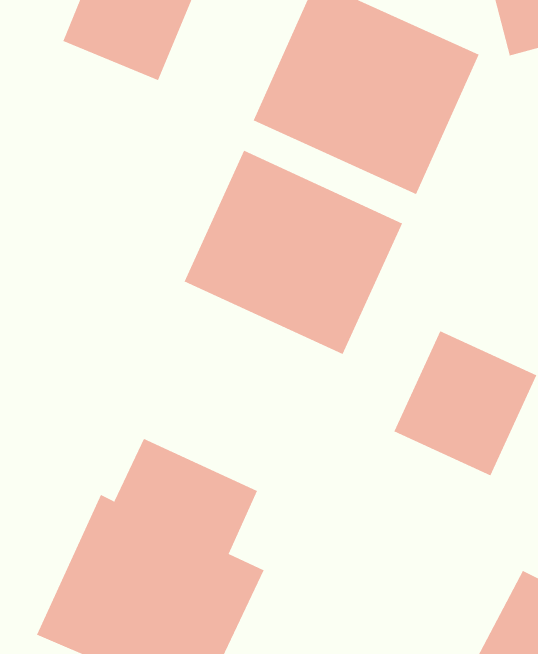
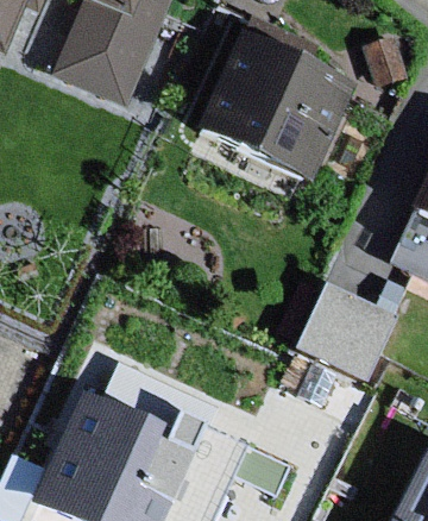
building: [184,150,403,355] -> none

